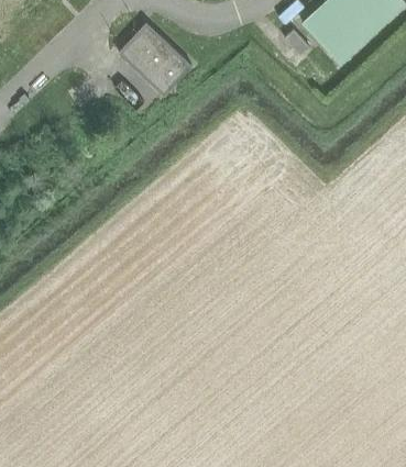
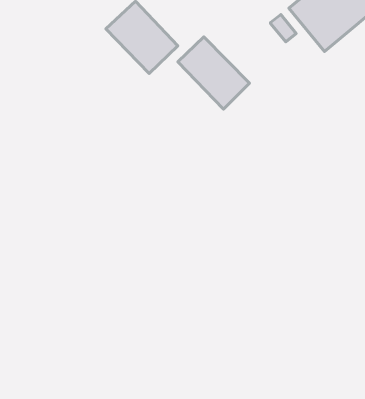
building: none -> [178,37,250,109]

